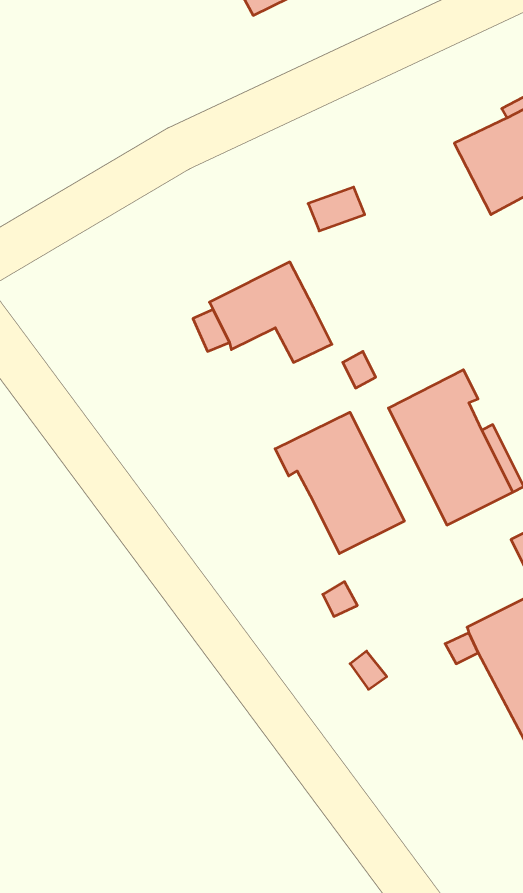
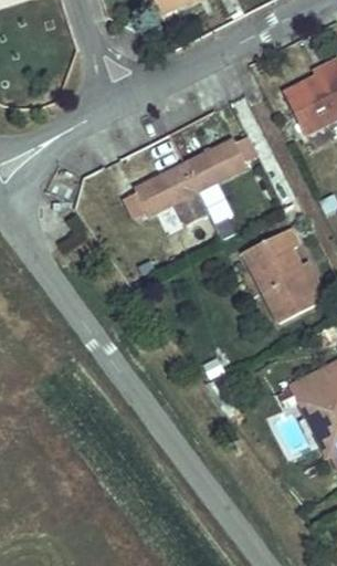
building: none -> [185,136,259,190]
building: [275,412,404,554] -> none

